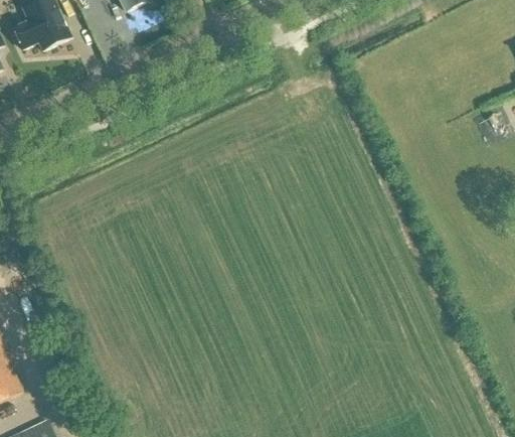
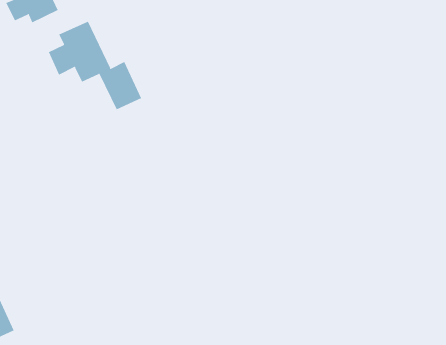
building: none -> [48,21,142,110]

